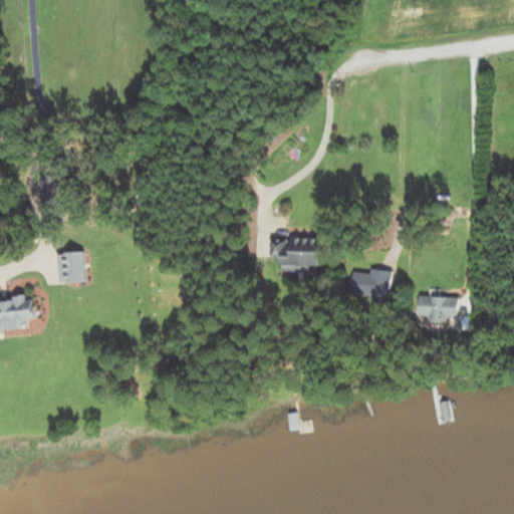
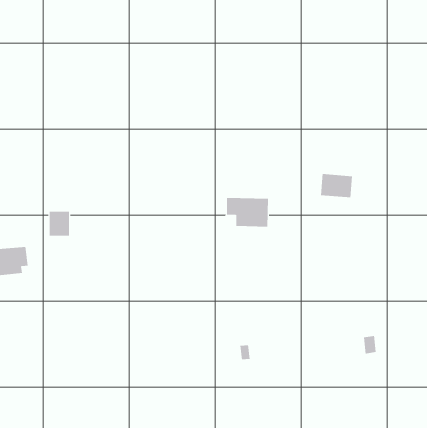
building: [351,268,391,297] -> [320,174,353,198]
building: [419,296,459,321] -> none

